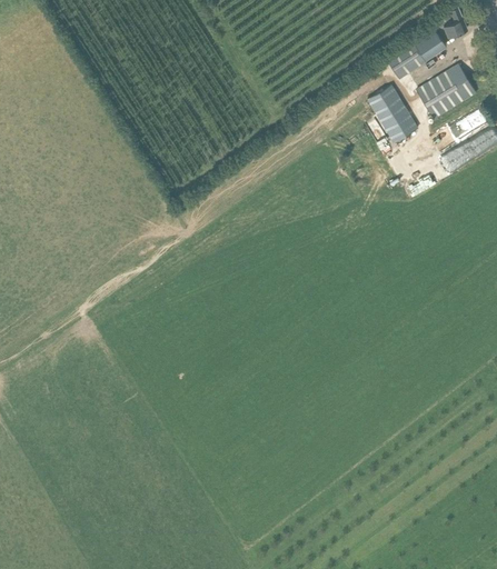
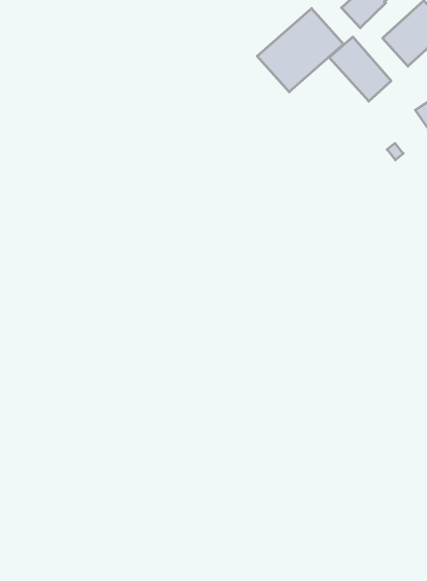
building: none -> [257,8,343,92]

